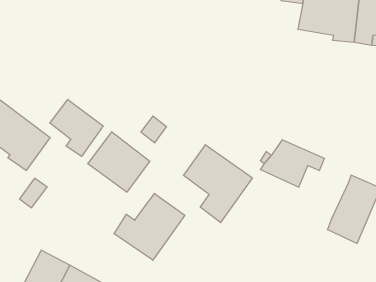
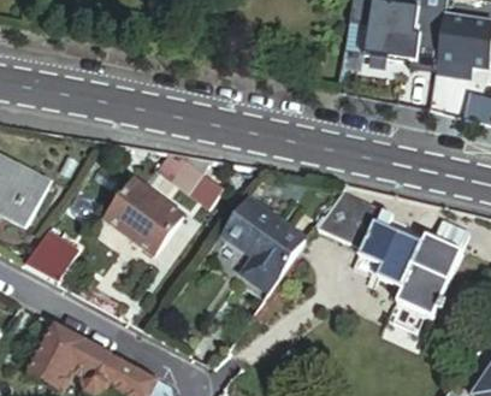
building: [50,99,103,156] -> none
building: none -> [365,219,427,284]
building: [114,193,185,260] -> none

